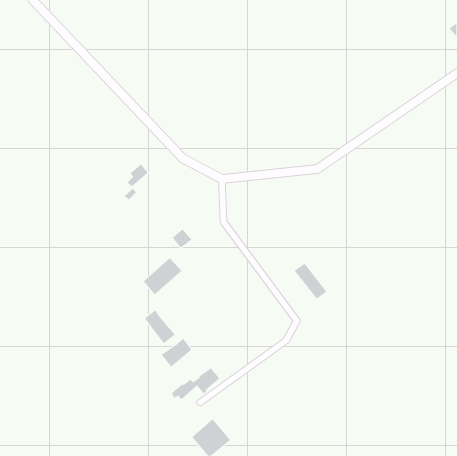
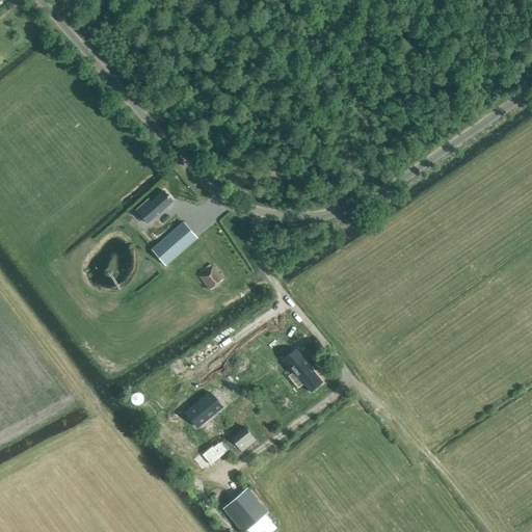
building: [143,258,182,295] -> [152,221,197,265]
building: [294,263,327,299] -> [284,348,322,391]
building: [144,309,176,344] -> none

